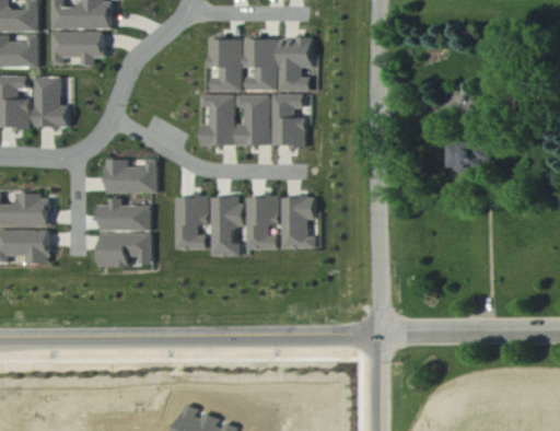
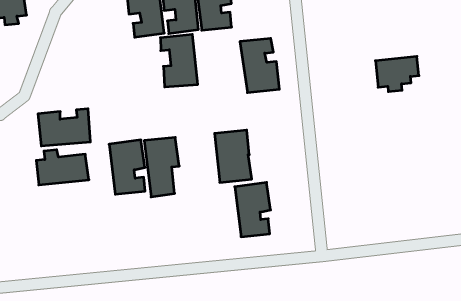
building: [271,93,306,145] -> [240,38,279,93]
building: [201,94,235,145] -> none
building: [246,196,280,248] -> [235,182,271,237]
building: [95,232,151,267] -> none

